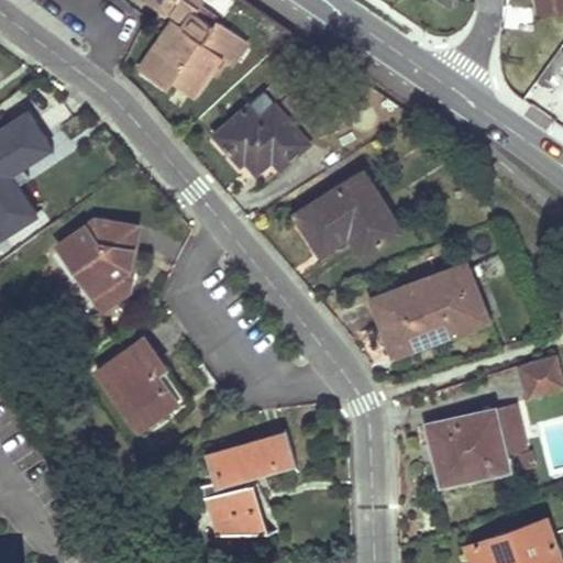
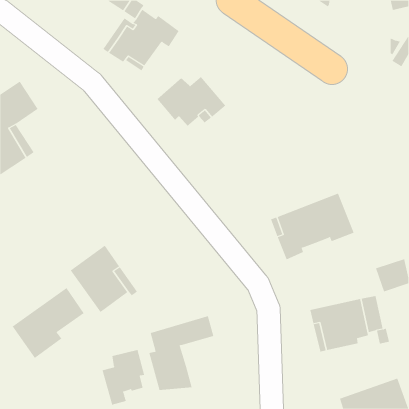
building: [295,172,399,256] -> none
building: [58,220,134,310] -> none
building: none -> [12,287,85,359]
building: none -> [102,349,145,406]

